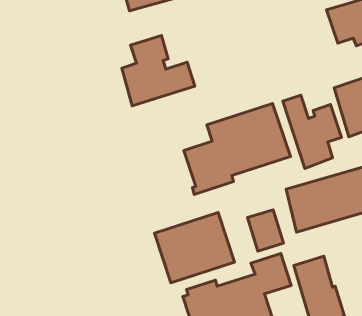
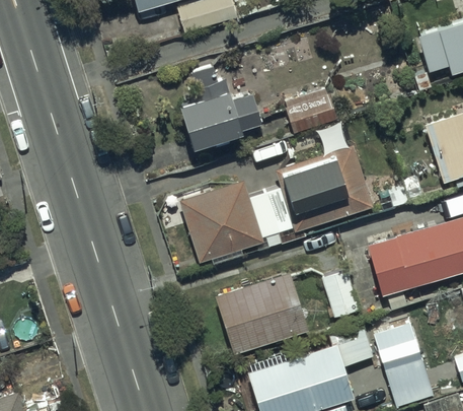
building: none -> [286,91,336,134]
building: [283,95,342,169] -> none
building: none -> [179,182,261,267]

